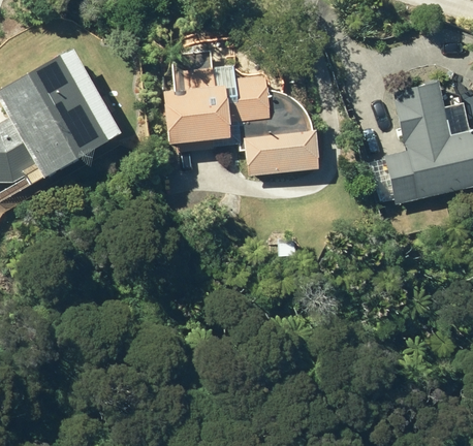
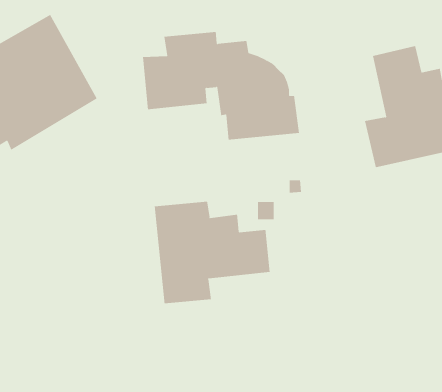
building: none -> [154,201,270,304]

